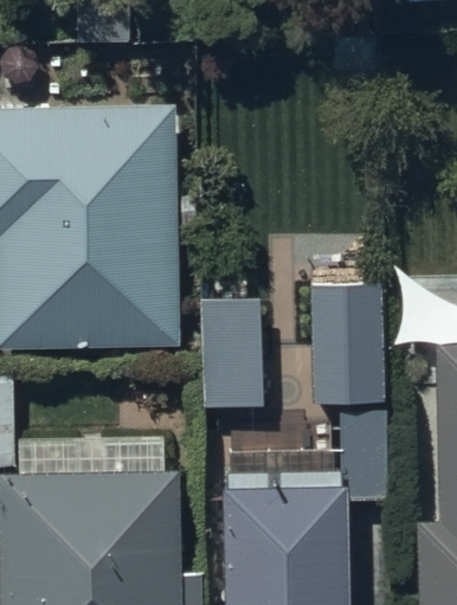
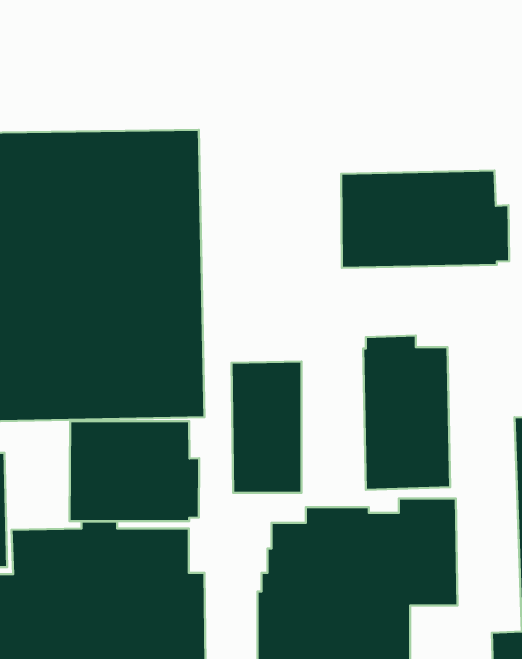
building: none -> [341,171,509,268]
building: none -> [69,421,199,521]

